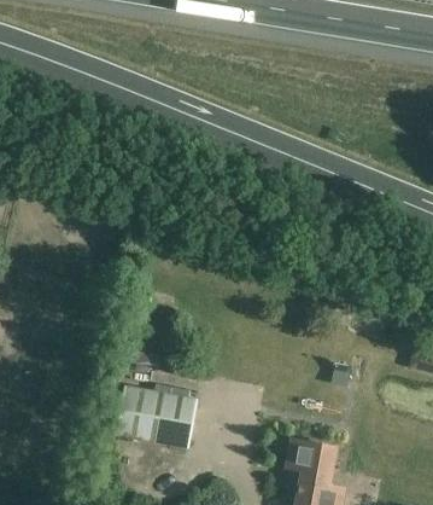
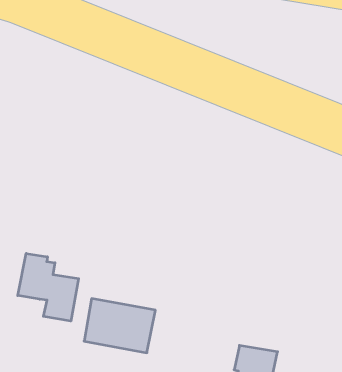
building: none -> [18,253,79,321]

